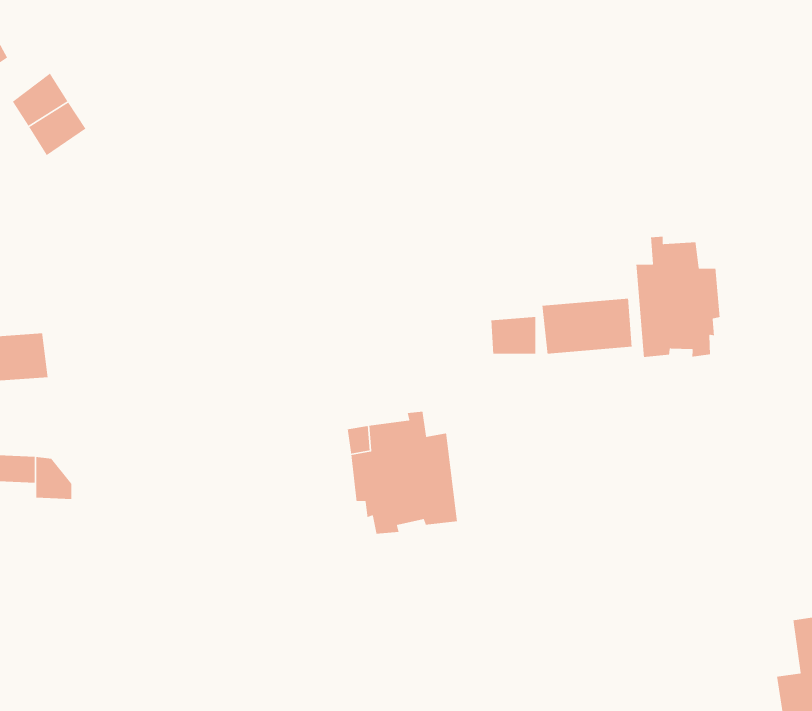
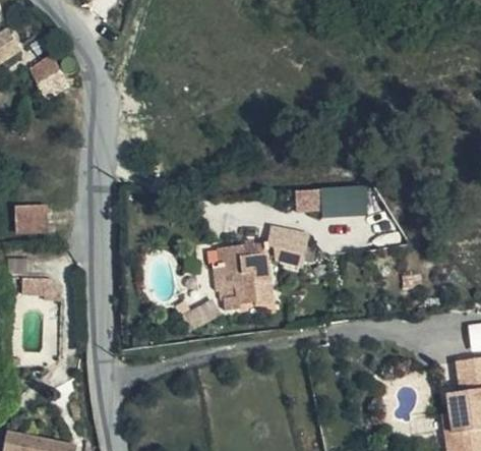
building: [635,236,721,358] -> none
building: none -> [261,230,305,270]

